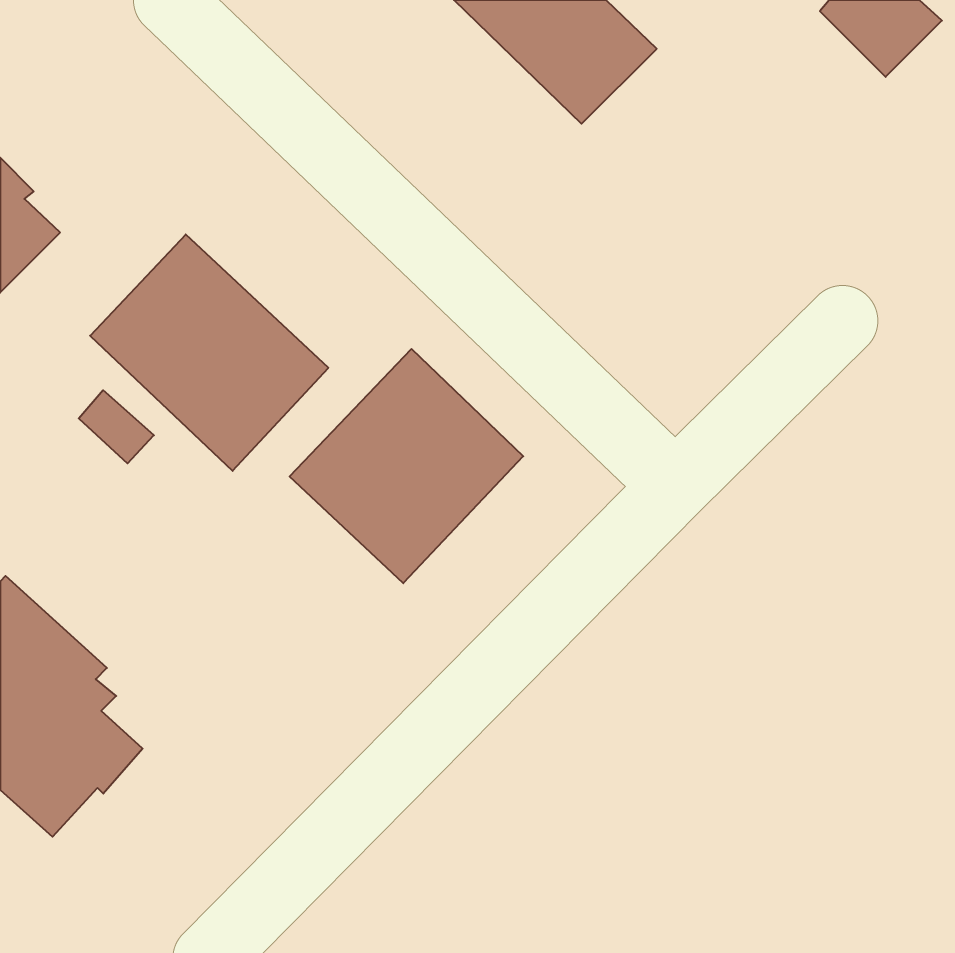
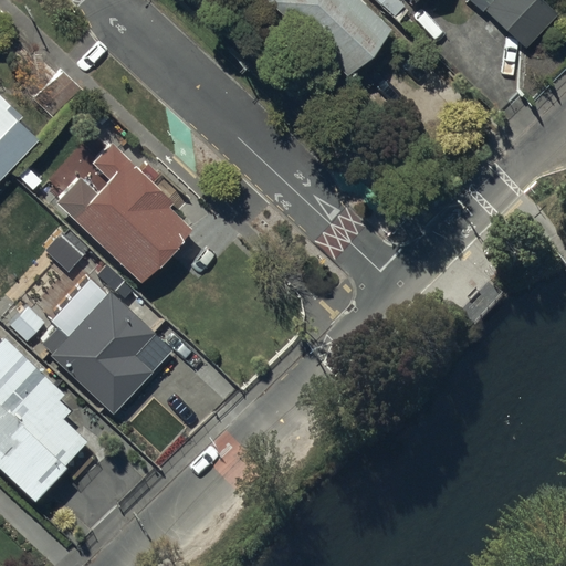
building: [290,349,523,583] -> none
building: none -> [40,287,167,411]

